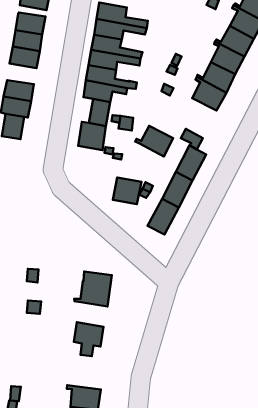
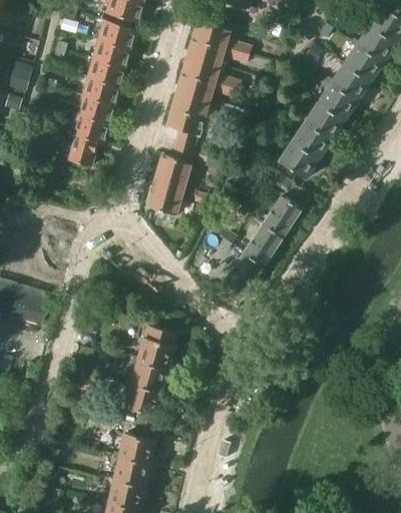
building: none -> [82,78,117,105]
building: [135,126,173,157] -> [274,141,318,178]
building: [113,177,141,204] -> [147,181,182,214]
building: none -> [130,359,168,392]
building: none -> [112,421,155,463]

